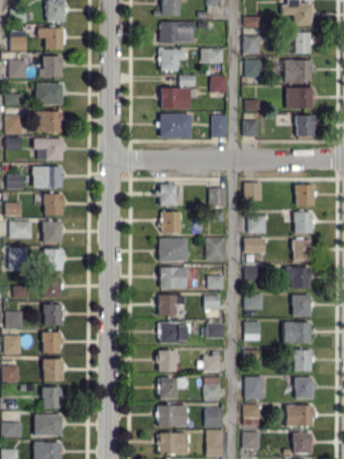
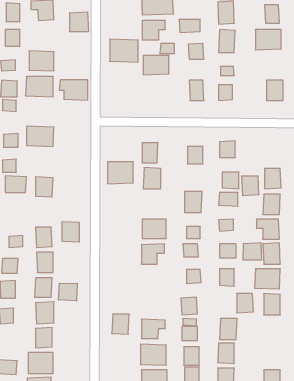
building: [40,55,62,77] -> [69,12,89,31]
building: [285,87,312,109] -> none
building: [159,113,191,138] -> [110,39,138,62]
building: [32,138,64,160] -> [59,80,88,100]
building: [295,185,314,206] -> [241,176,259,195]
building: [43,193,63,216] -> none
building: [158,238,187,262] -> [108,162,133,184]
building: [8,248,27,268] -> none
building: [43,248,63,270] -> [62,222,79,242]
building: none -> [243,243,262,260]
building: [160,322,185,343] -> none
building: none -> [59,283,77,301]
building: [157,350,177,372] -> [112,314,129,334]
building: [295,377,313,398] -> [237,293,253,313]
building: [285,405,313,426] -> none

